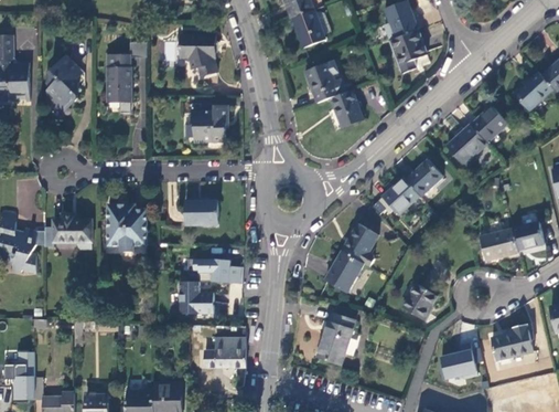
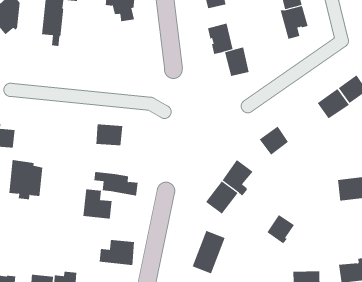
building: [192,104,228,142] -> none
building: [405,161,442,198] -> none
building: [108,203,147,250] -> [8,159,43,200]

